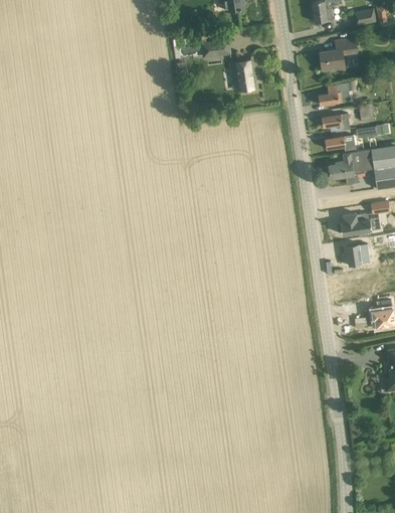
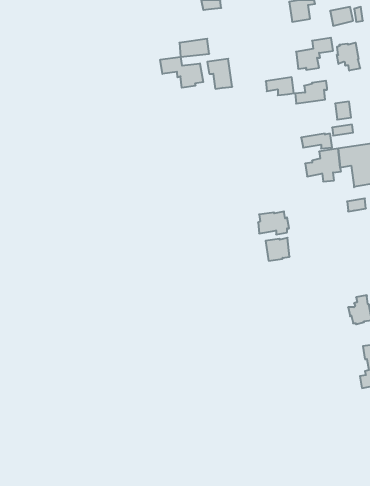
building: none -> [337,43,360,71]
building: none -> [160,57,203,88]
building: [321,113,349,131] -> [266,77,294,95]
building: [340,212,371,235] -> [258,211,289,234]
building: [345,242,369,266] -> [266,238,290,261]

